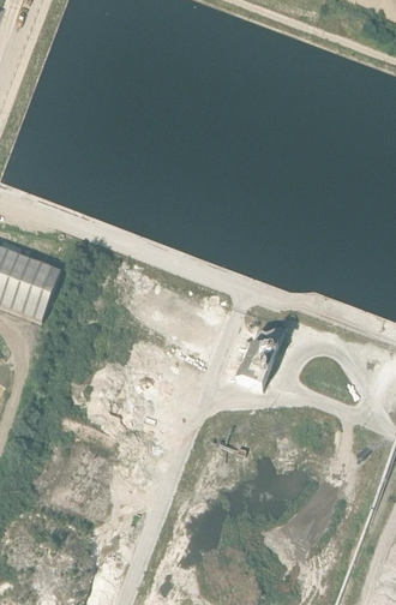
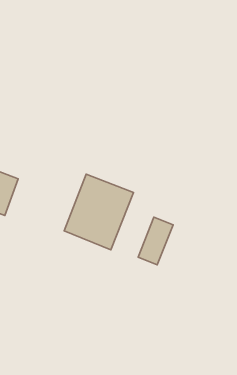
building: none -> [64,174,134,250]

